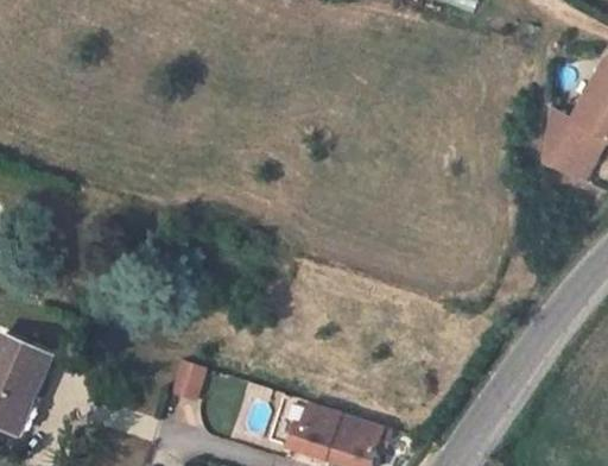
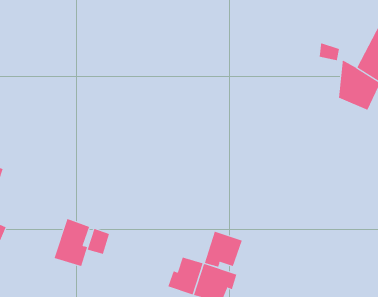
building: none -> [54,218,90,267]
building: none -> [204,231,243,268]

